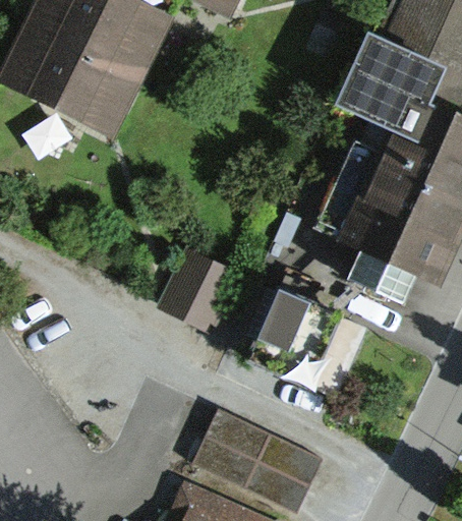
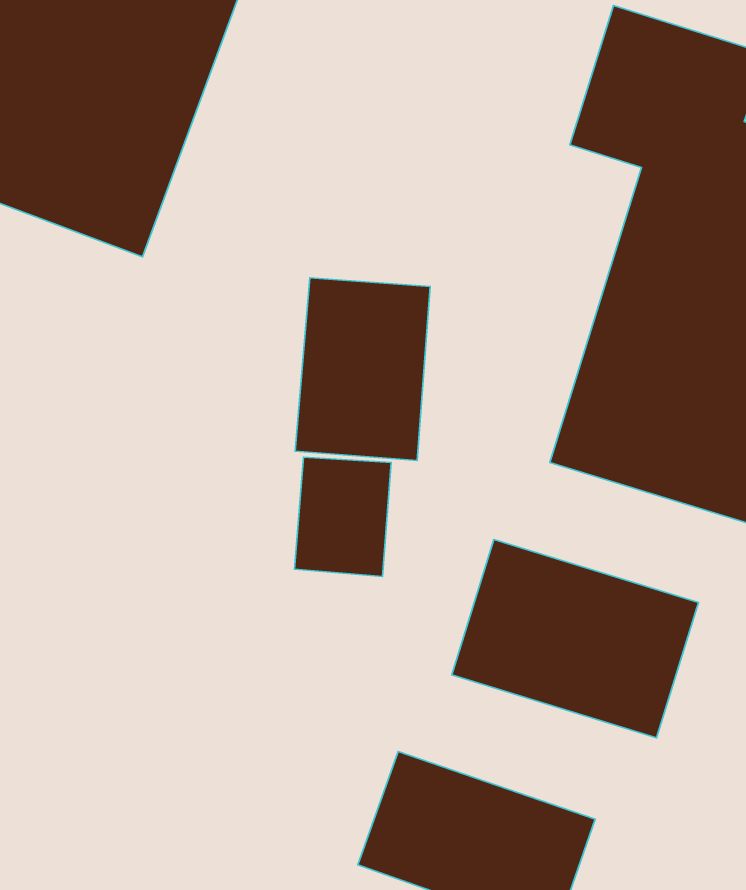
building: none -> [295,278,430,461]

